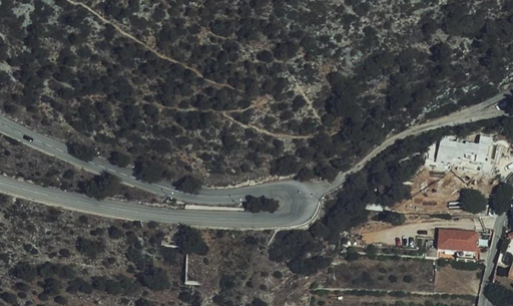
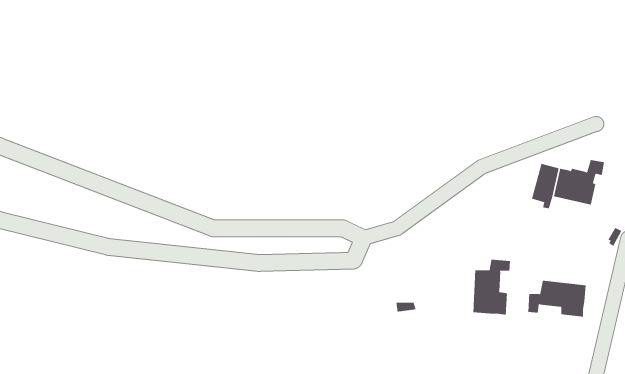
building: none -> [473,259,510,316]

